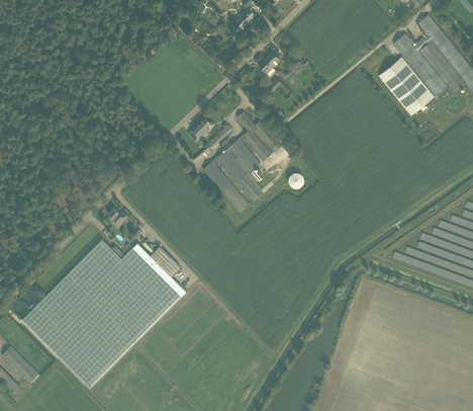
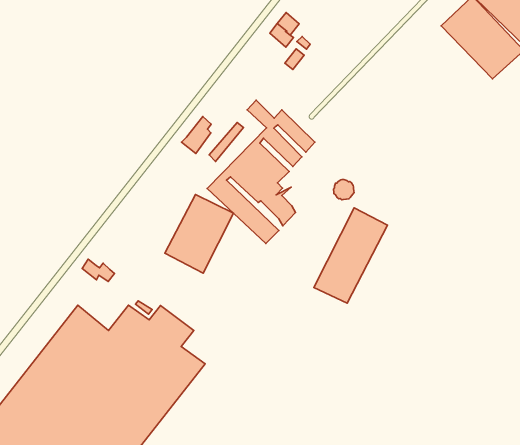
building: none -> [165,195,233,273]
building: none -> [314,208,387,303]

